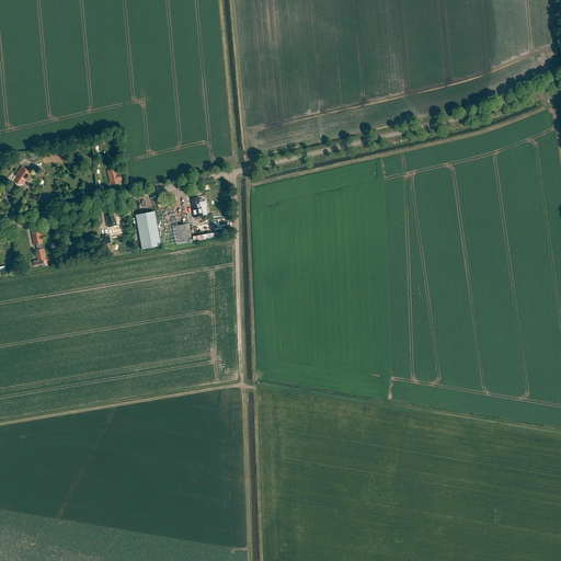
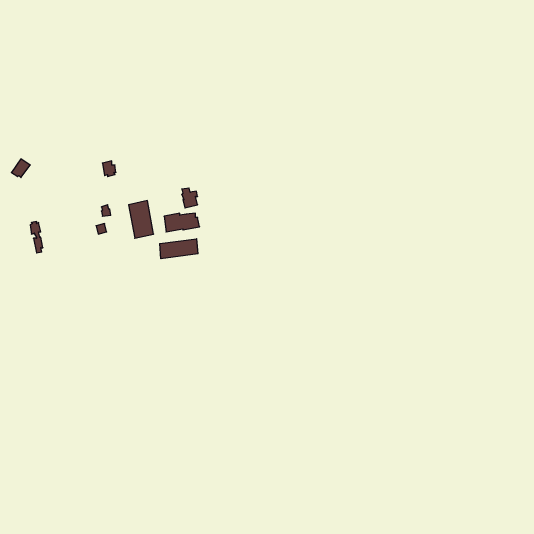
building: none -> [160,239,198,259]

